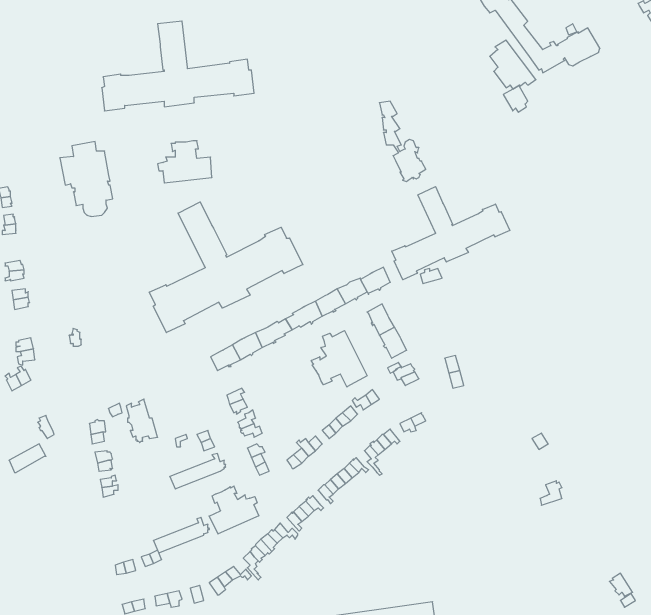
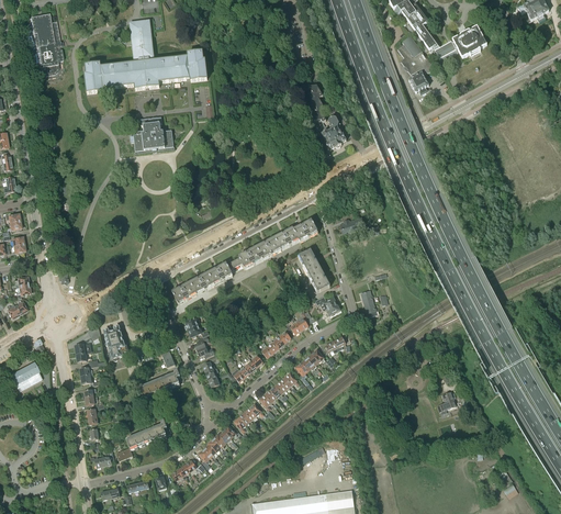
building: [60,142,113,216] -> [20,13,63,74]
building: [392,187,510,280] -> none
building: [149,202,303,333] -> none
building: [311,331,367,387] -> none
building: [209,486,259,534] -> none

